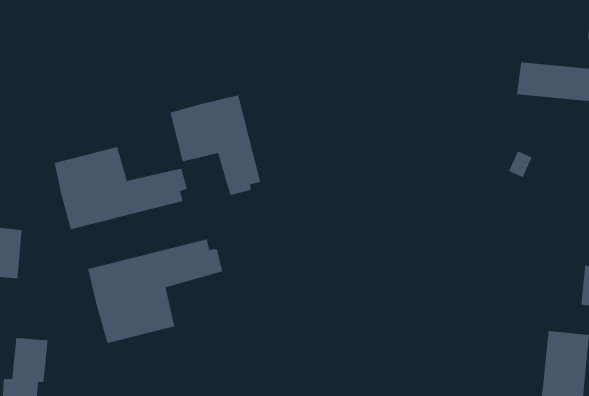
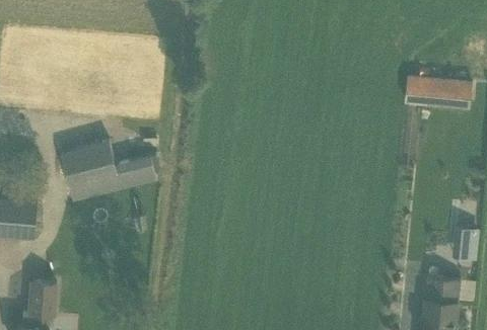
building: [170,94,261,196] -> none
building: [88,238,223,344] -> none

